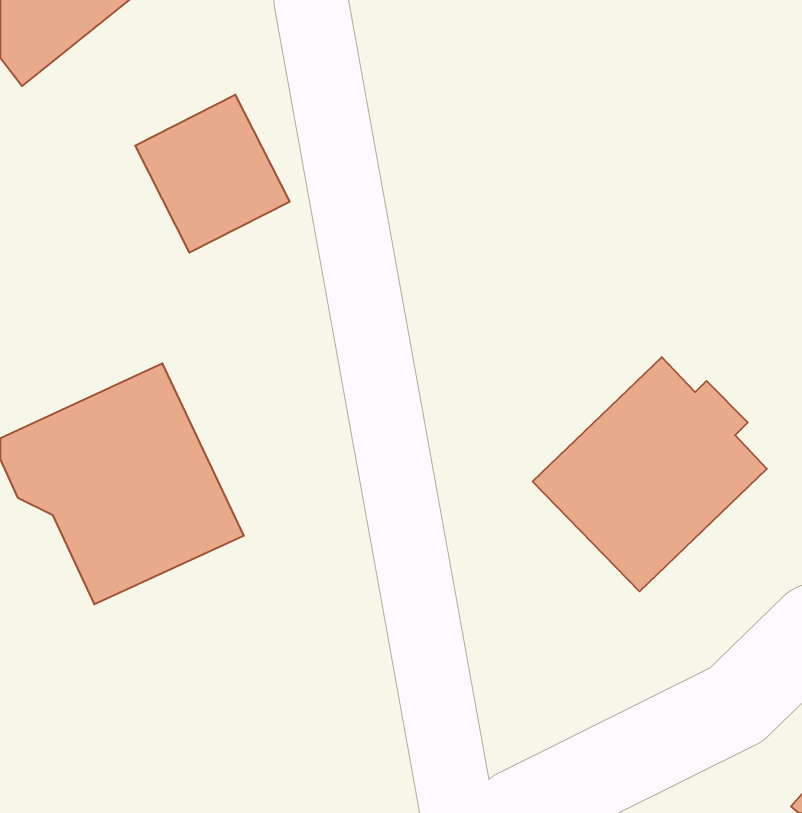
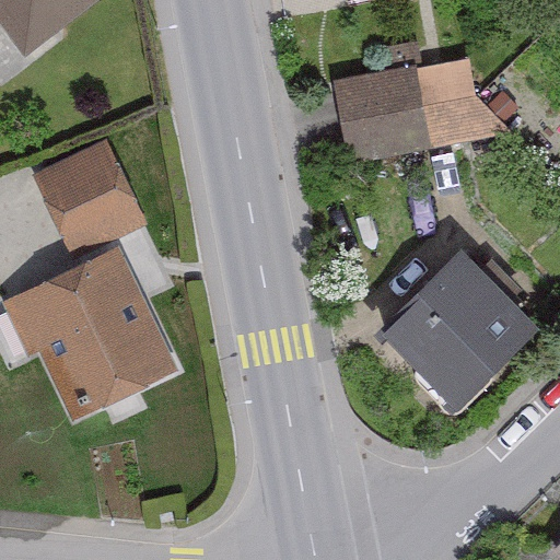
building: none -> [332,59,486,165]
building: [135,95,290,253] -> [37,144,143,253]

